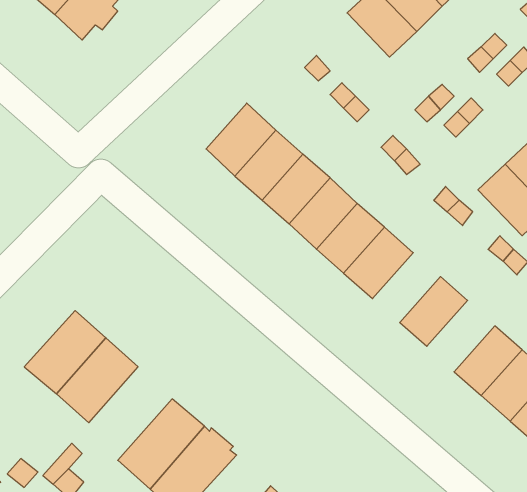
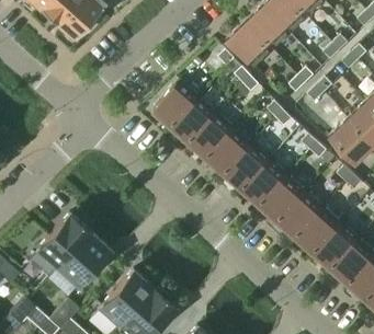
building: none -> [227,23,272,68]
building: none -> [261,177,305,222]
building: none -> [296,208,340,254]

